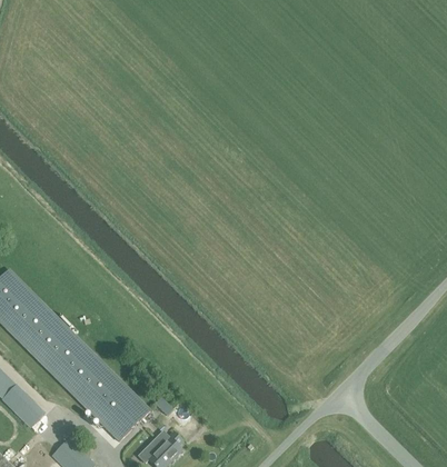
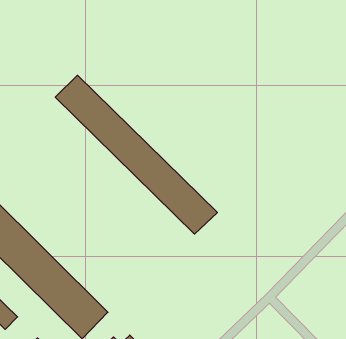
building: none -> [55,75,217,234]

